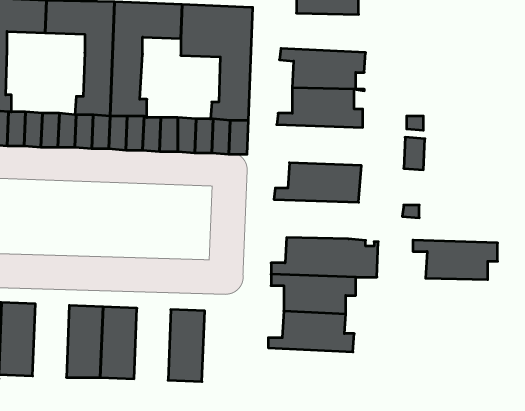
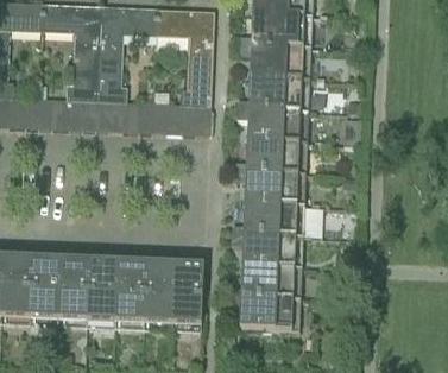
building: none -> [239,14,310,48]
building: none -> [235,108,308,143]
building: [413,240,498,280] -> [233,171,304,204]
building: none -> [30,259,61,321]
building: none -> [115,263,146,323]
building: none -> [172,265,203,325]
building: none -> [227,296,299,331]

